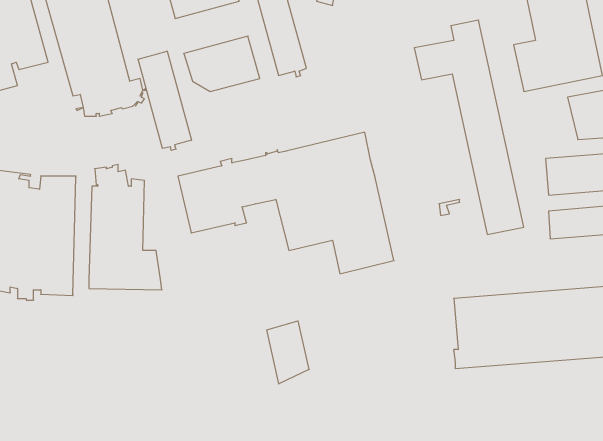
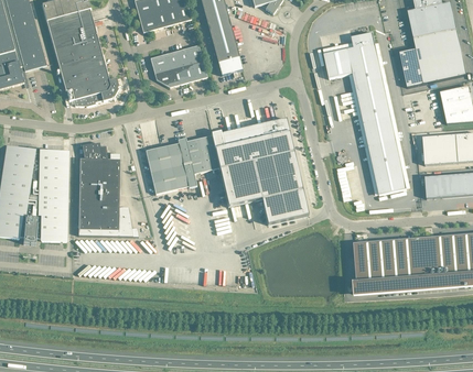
building: [138,51,191,150] -> none
building: [267,321,309,384] -> none

